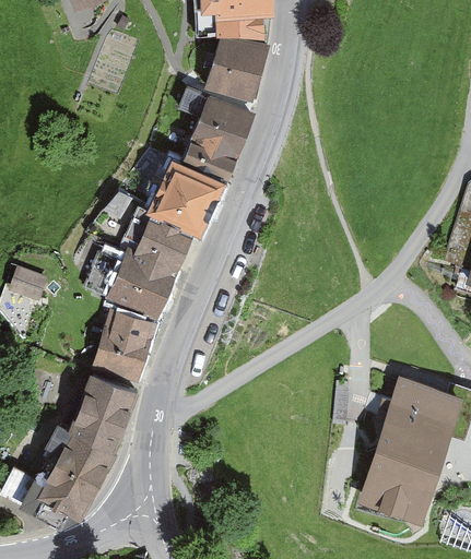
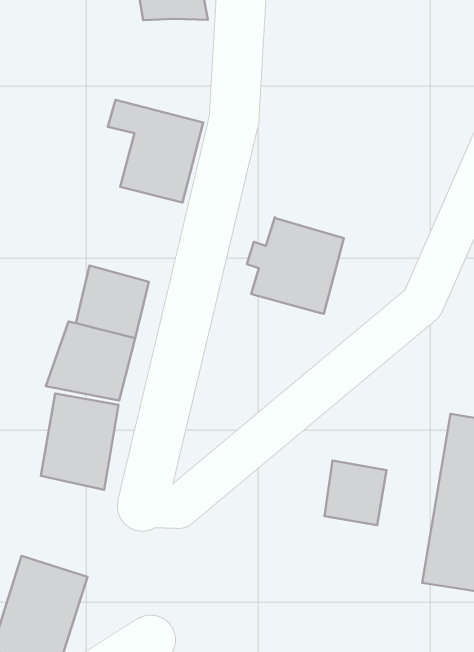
building: [212,40,271,107] -> none
building: [142,163,219,241] -> [247,217,344,314]
building: [64,377,132,456] -> none
building: none -> [324,460,386,525]

